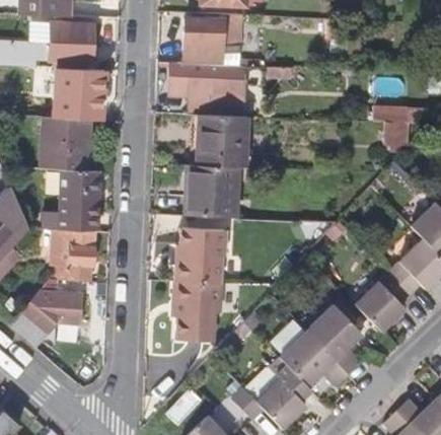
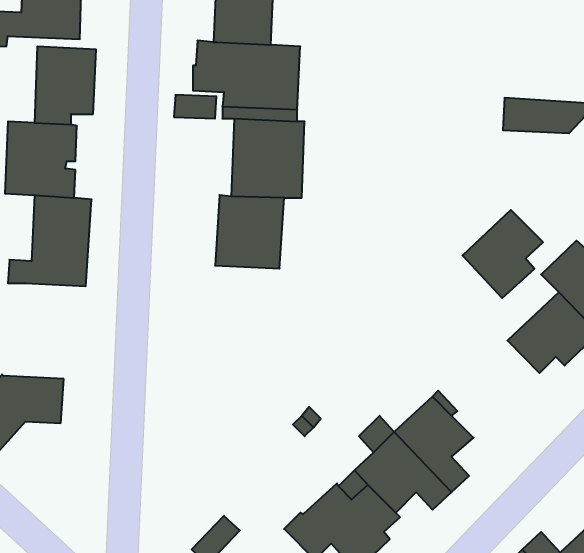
building: [172,229,227,344] -> none
building: [52,230,95,284] -> none
building: [353,270,409,331] -> [462,210,543,298]

